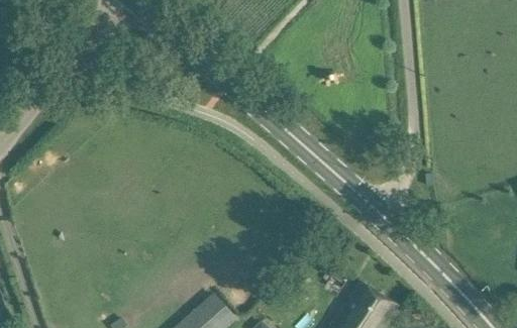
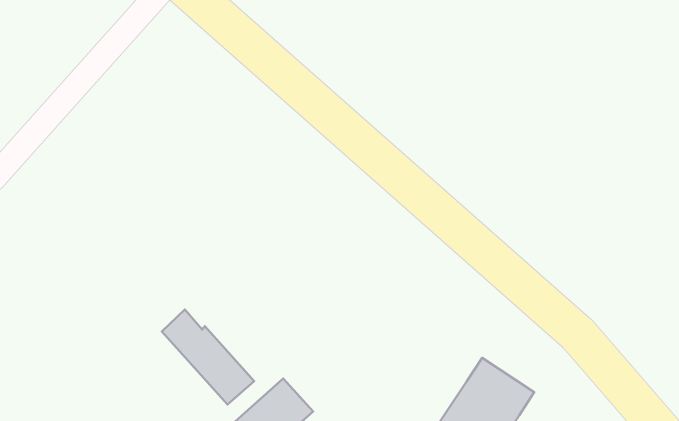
building: none -> [162,310,254,405]

